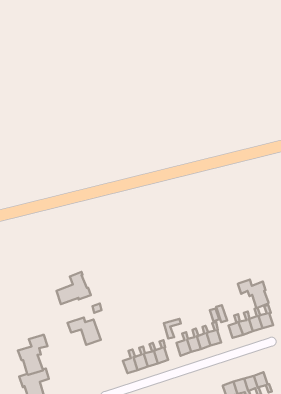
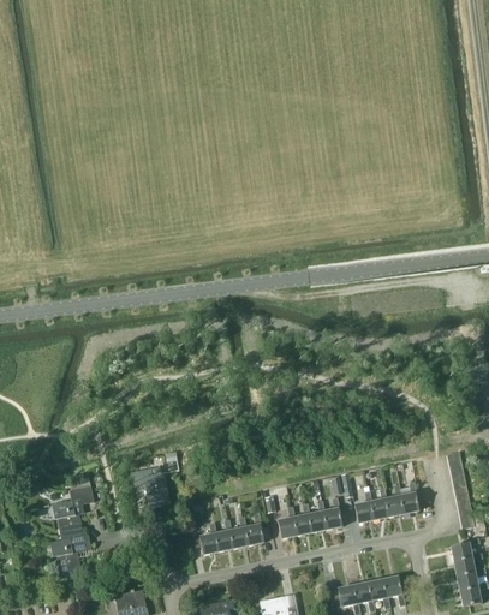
building: [56,272,91,304] -> none
building: [238,279,269,308] -> none

